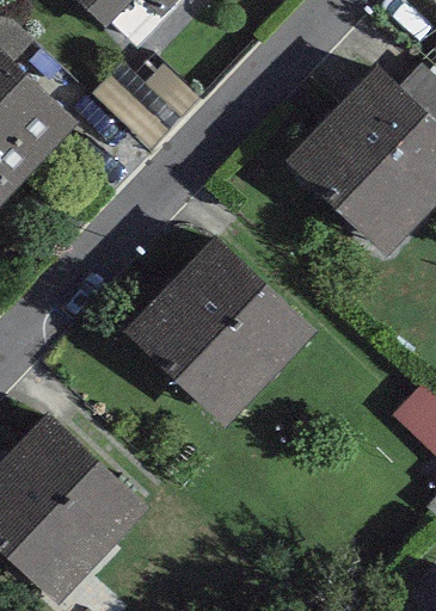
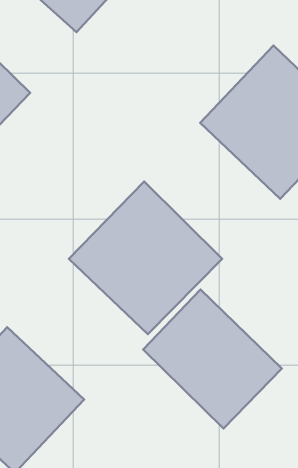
building: none -> [143,290,282,428]

